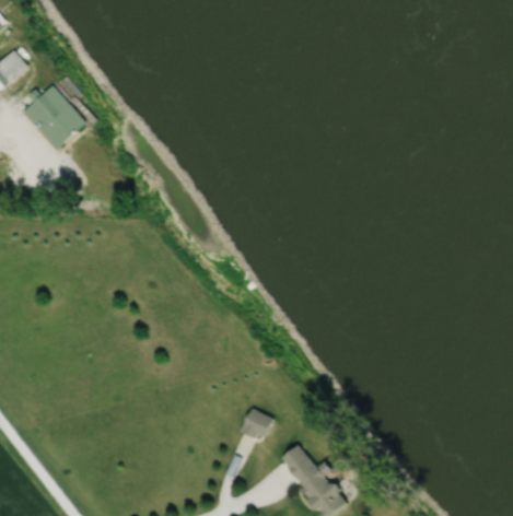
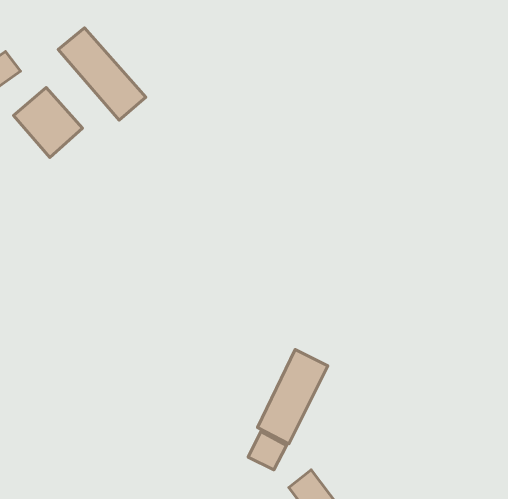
building: none -> [58,28,146,120]
building: none -> [257,350,328,444]

